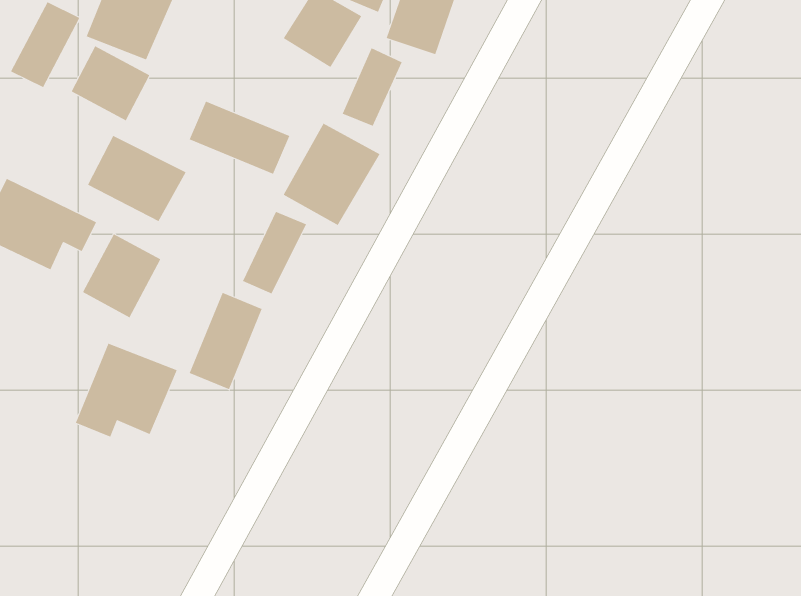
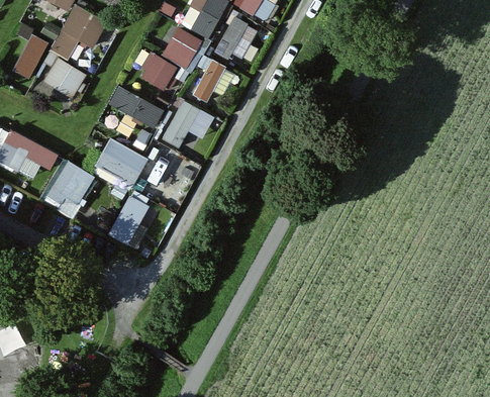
building: none -> [138,53,180,93]
building: [87,135,187,222] -> [94,137,149,185]
building: [75,343,177,437] -> none

